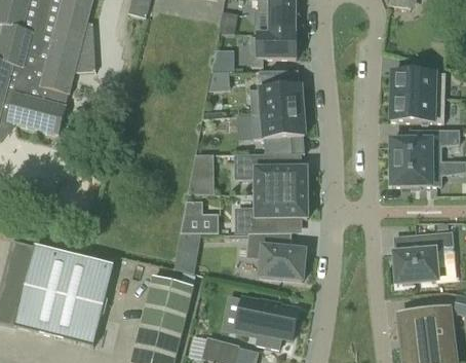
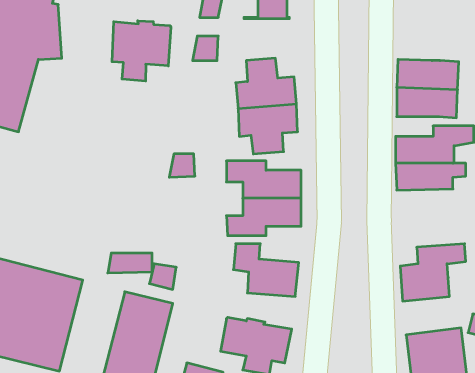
building: [250,34,297,65] -> none
building: none -> [112,21,171,81]
building: [180,215,219,232] -> [108,253,152,273]

